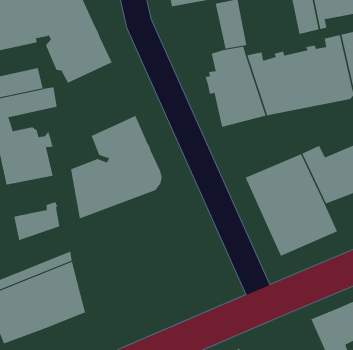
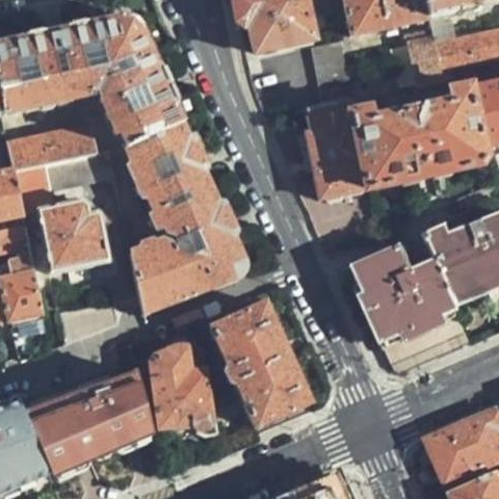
building: none -> [127,120,212,211]
building: none -> [207,303,311,431]
building: none -> [150,348,213,434]

